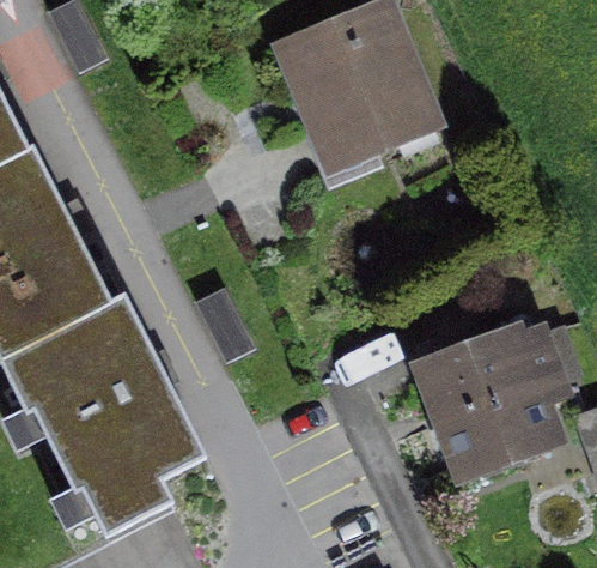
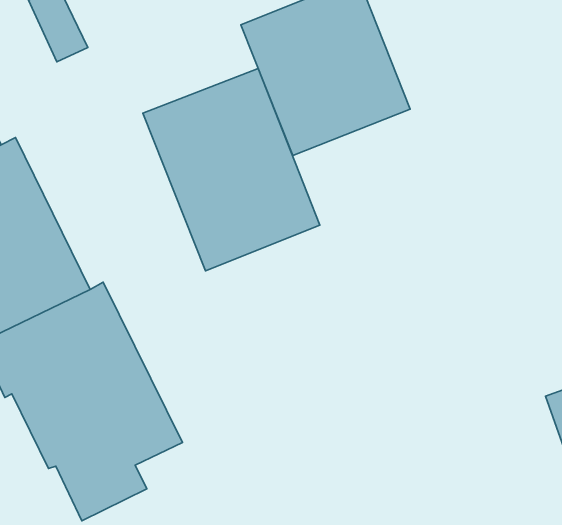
building: none -> [143,68,320,271]
building: [404,319,568,482] -> none

